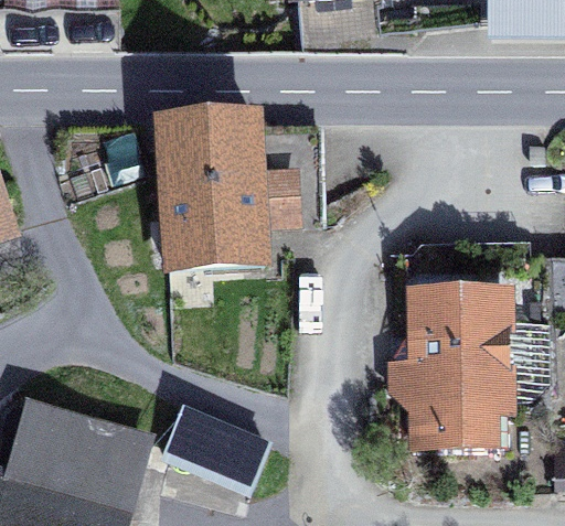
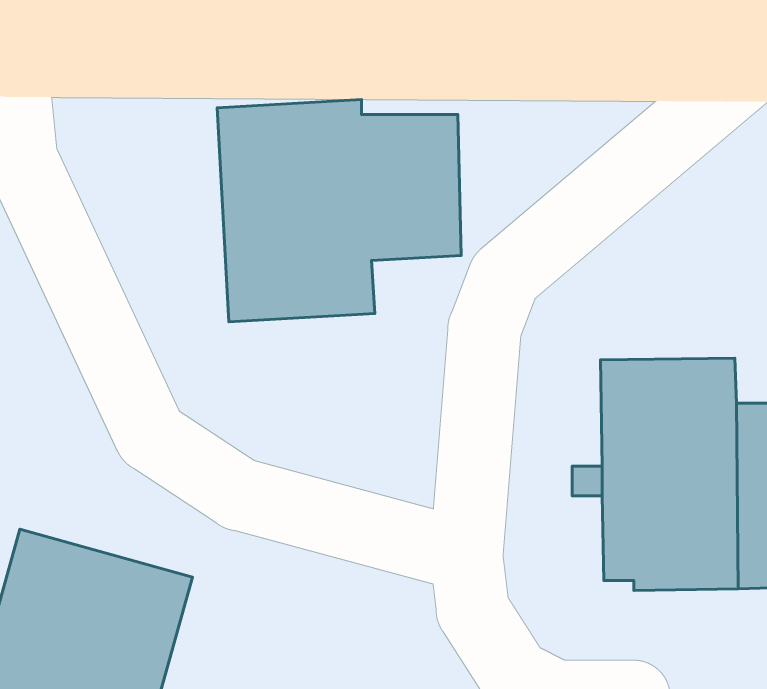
building: [160,406,262,487] -> none

